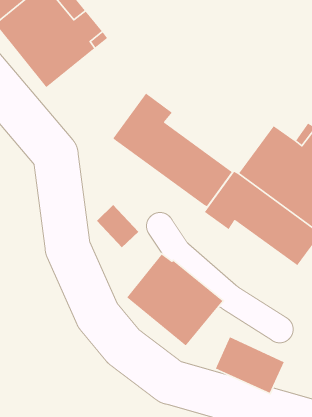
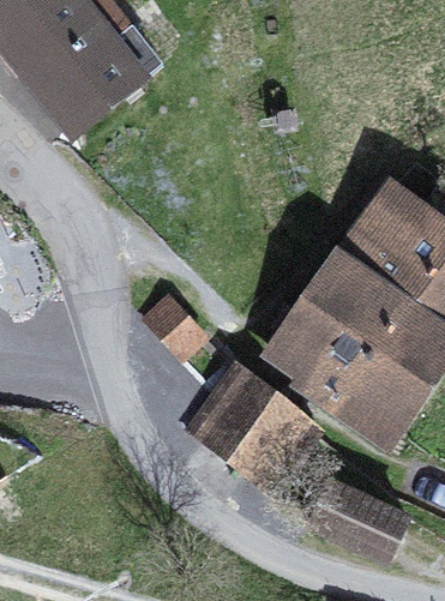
building: [112,93,233,207] -> none
building: none -> [266,309,422,443]

